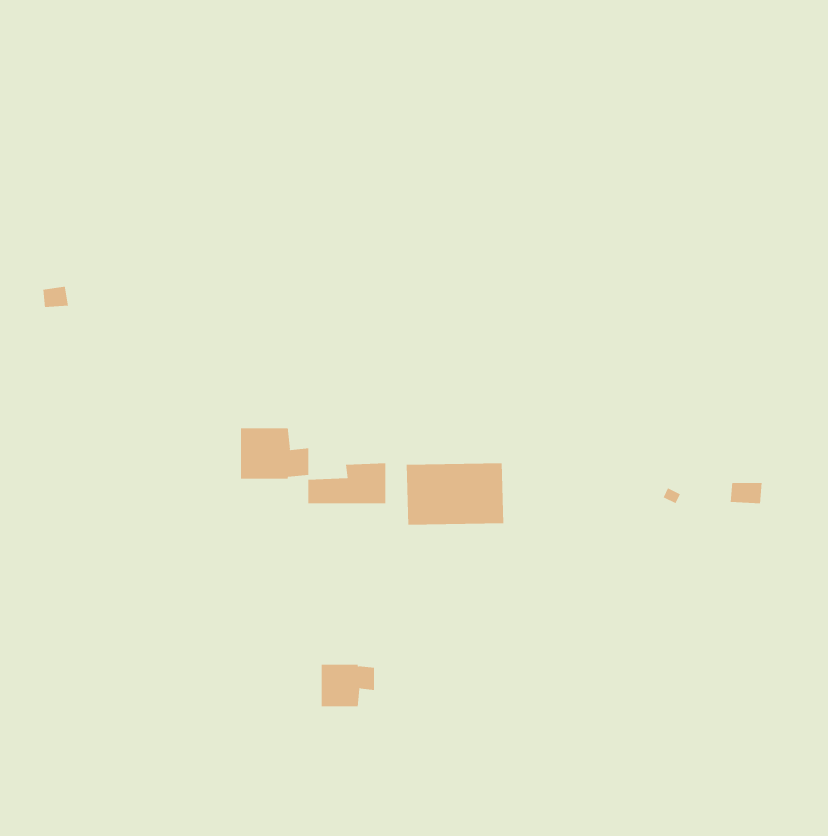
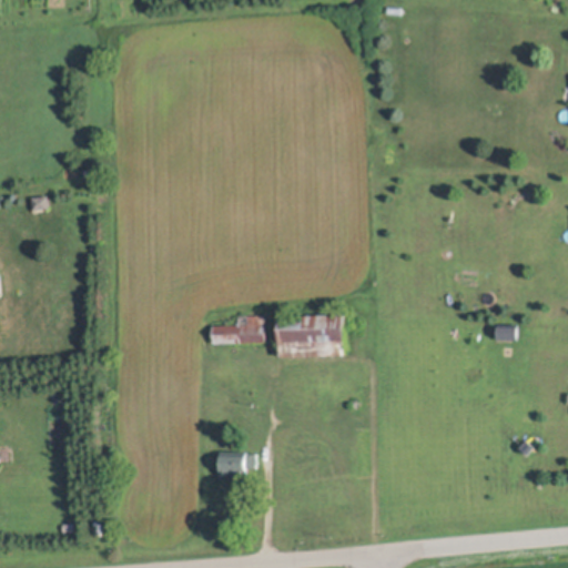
building: [241,428,309,480] -> none

